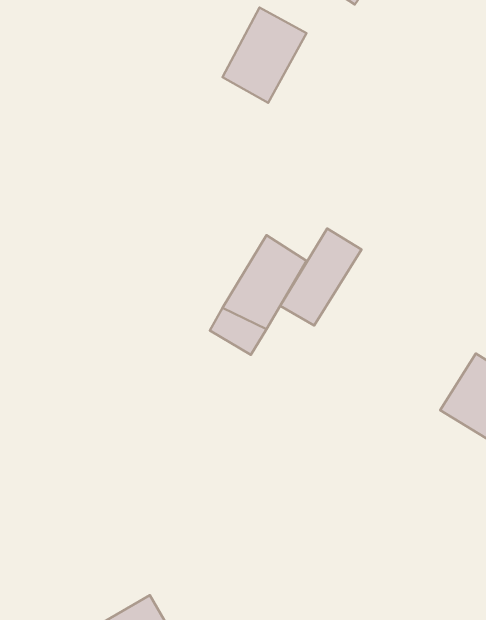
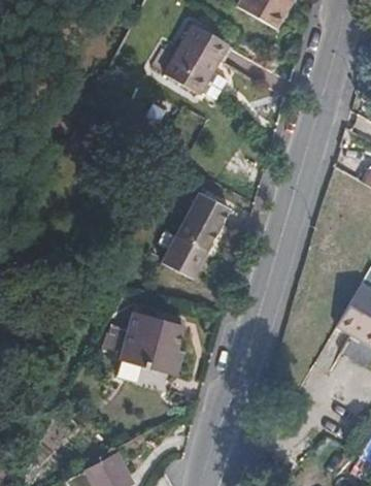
building: [280,229,361,326] -> none
building: none -> [116,312,188,391]

